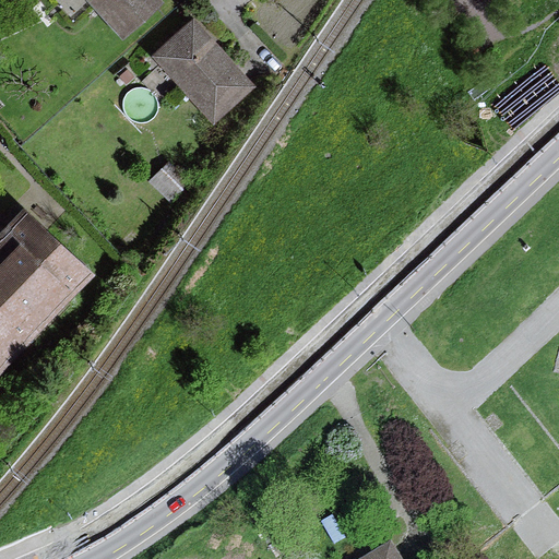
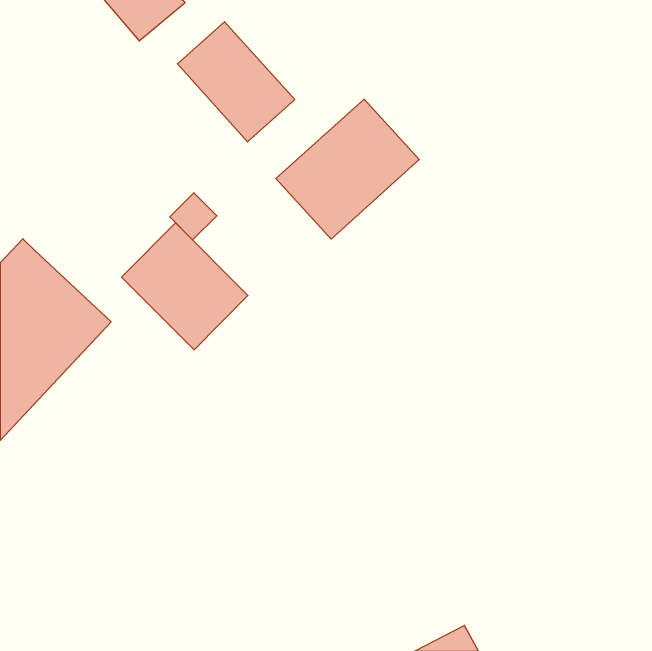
building: none -> [276,99,419,239]
building: none -> [122,223,248,350]

